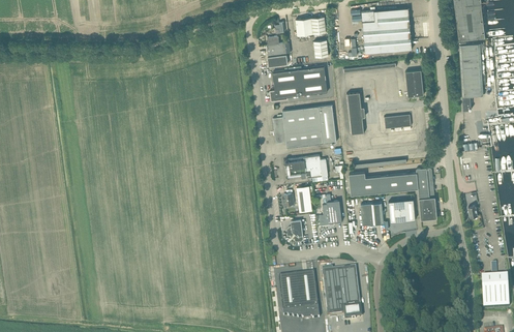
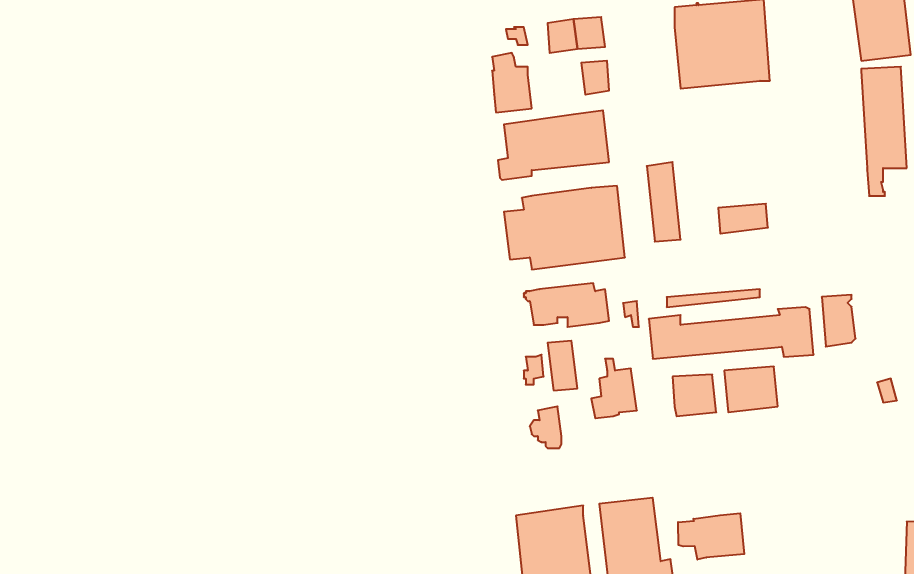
building: [405,69,424,96] -> none
building: [419,192,436,219] -> [822,295,856,347]
building: none -> [678,513,744,560]

